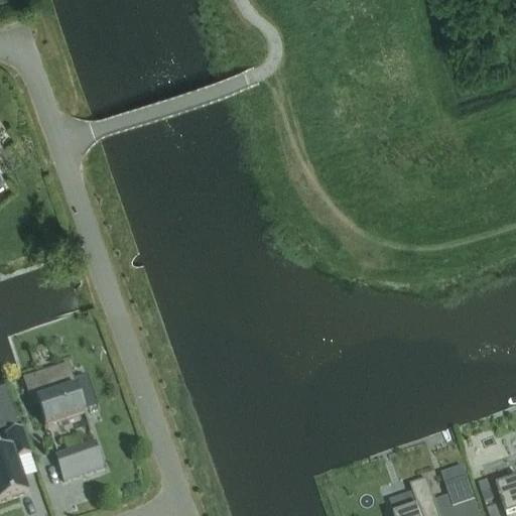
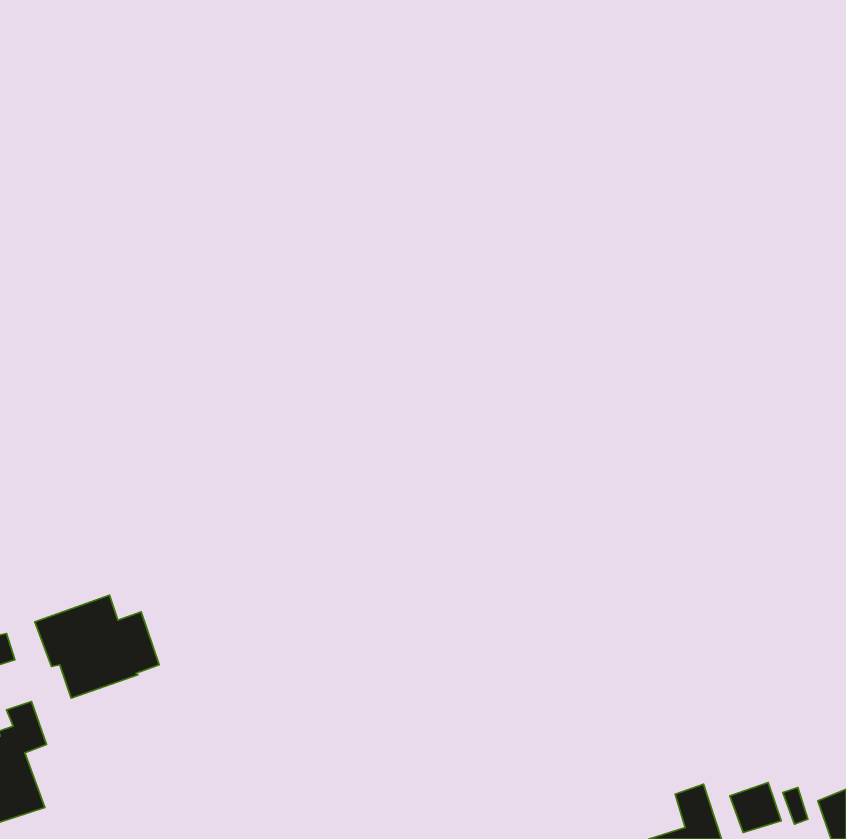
building: [53,440,102,479] -> none

